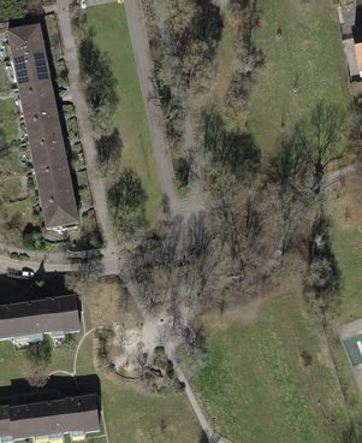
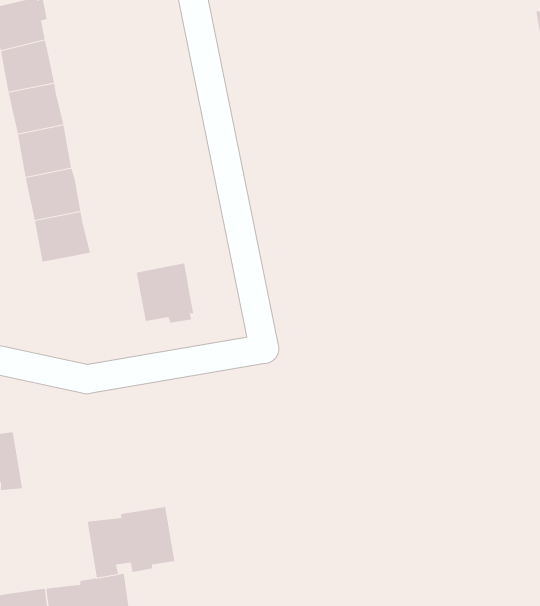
building: [40,187,77,225] -> [136,263,194,323]
building: [22,291,78,337] -> [87,506,175,578]

